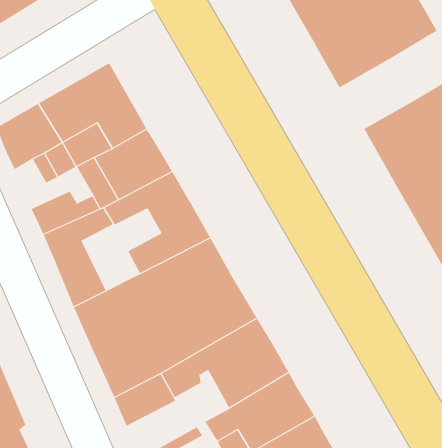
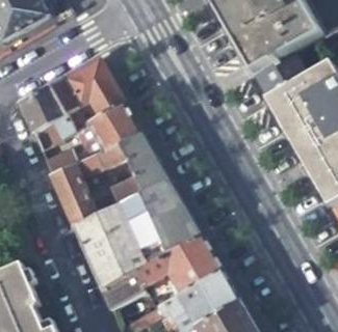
building: none -> [256,54,309,103]

